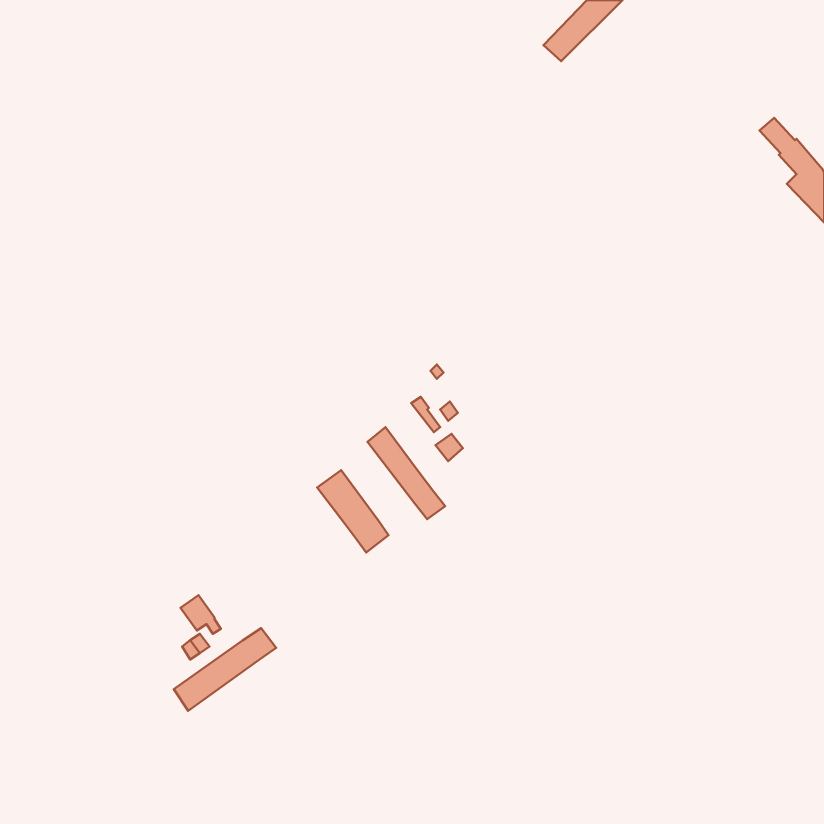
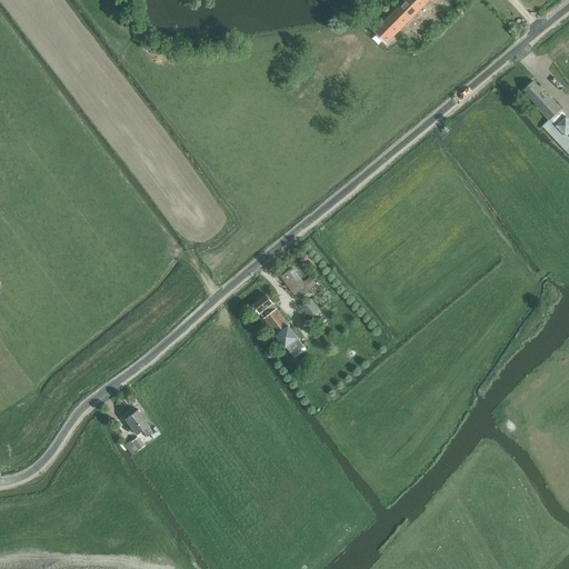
building: [317,470,389,552] -> none
building: [174,628,276,711] -> none

